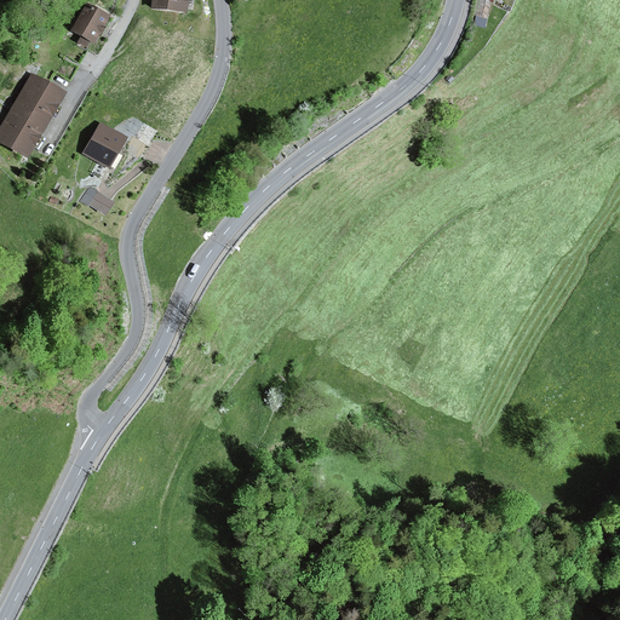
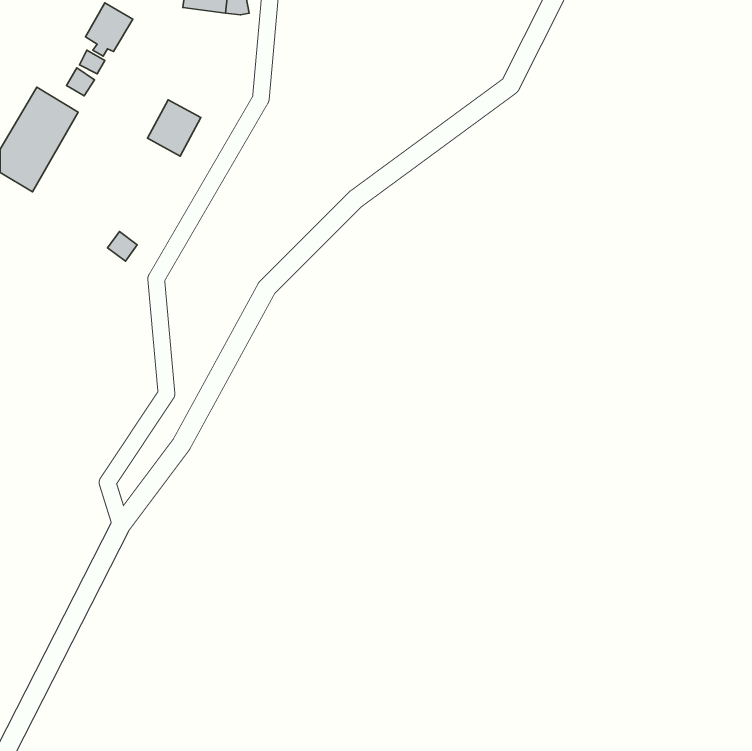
building: [82,120,126,166] -> [148,100,201,156]

